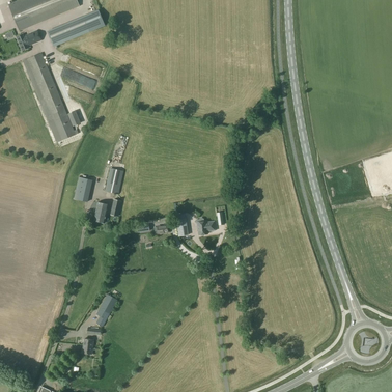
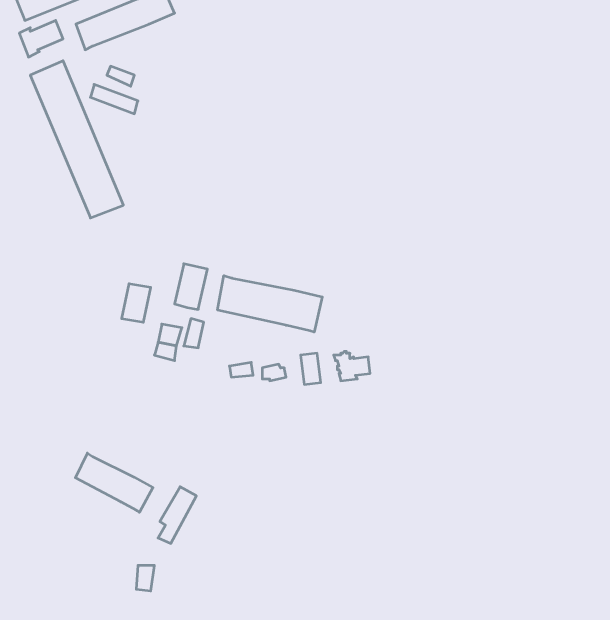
building: none -> [218,276,322,332]
building: none -> [75,453,153,512]

